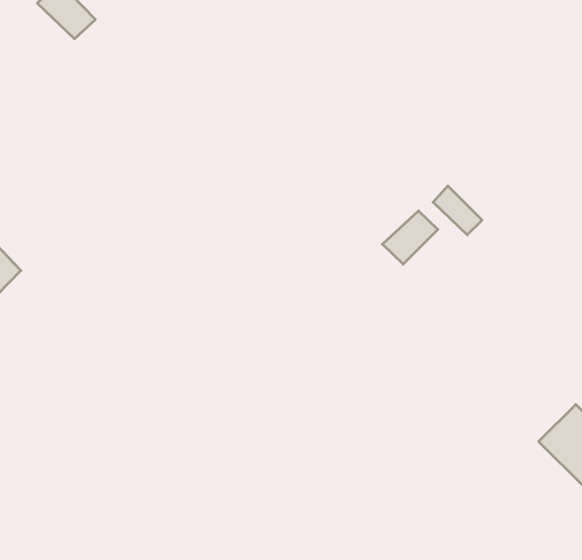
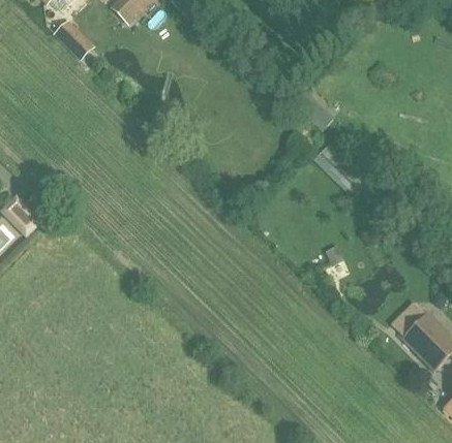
building: [382,211,438,264] -> none

